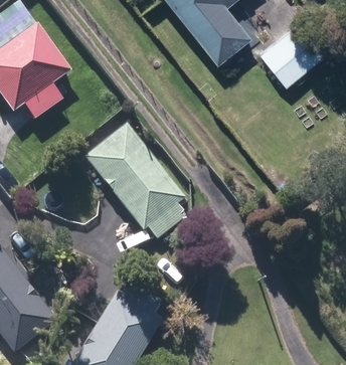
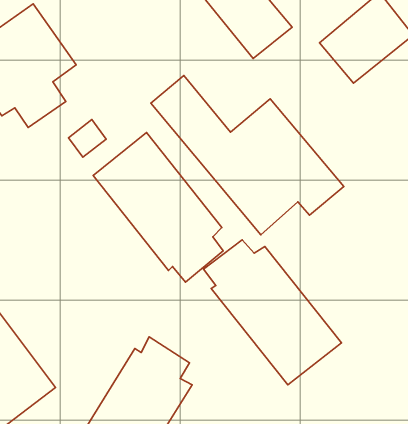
building: none -> [151,75,344,235]
building: none -> [204,240,341,385]

